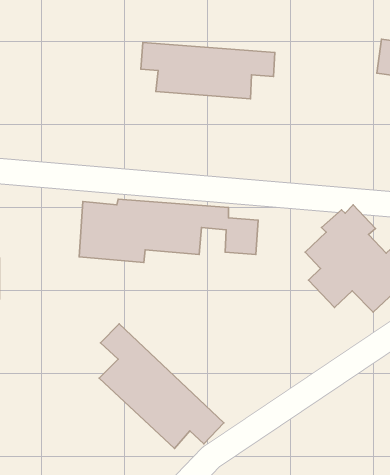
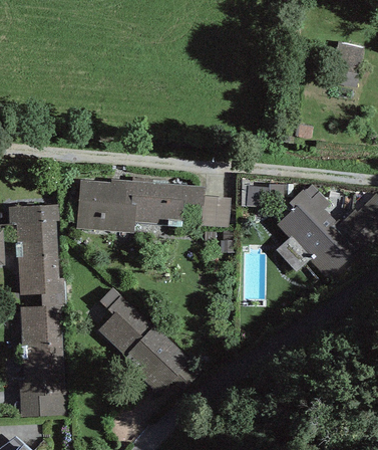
building: [141,43,275,99] -> none
building: none -> [20,203,59,407]

